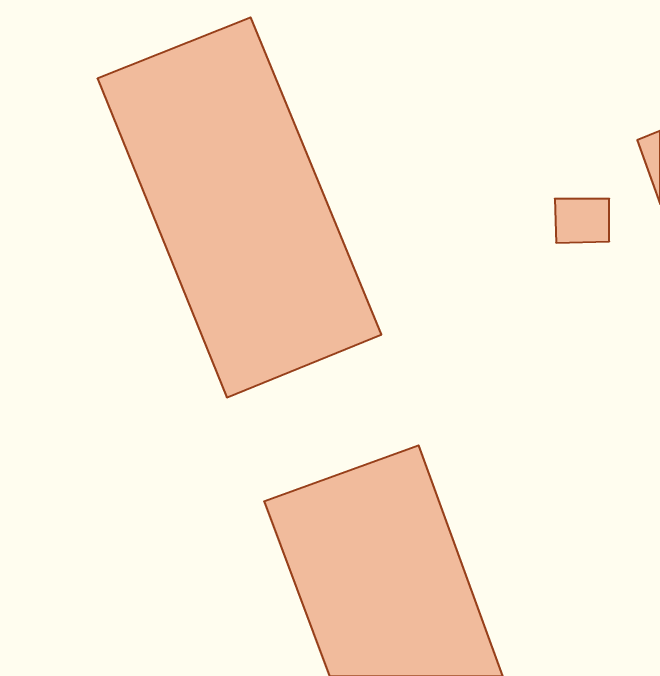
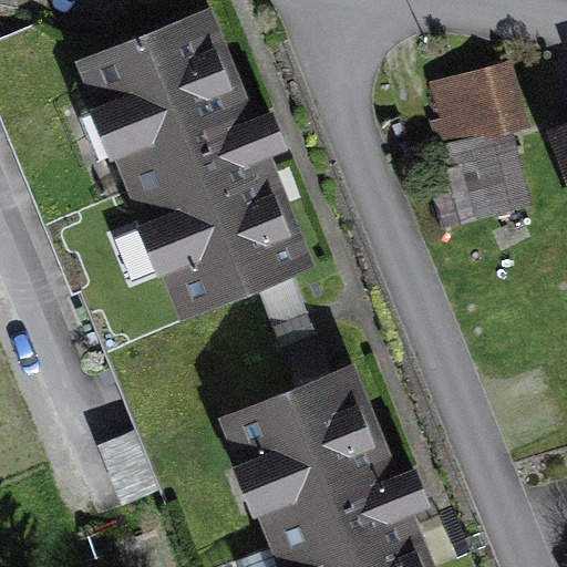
building: none -> [415,54,508,151]

